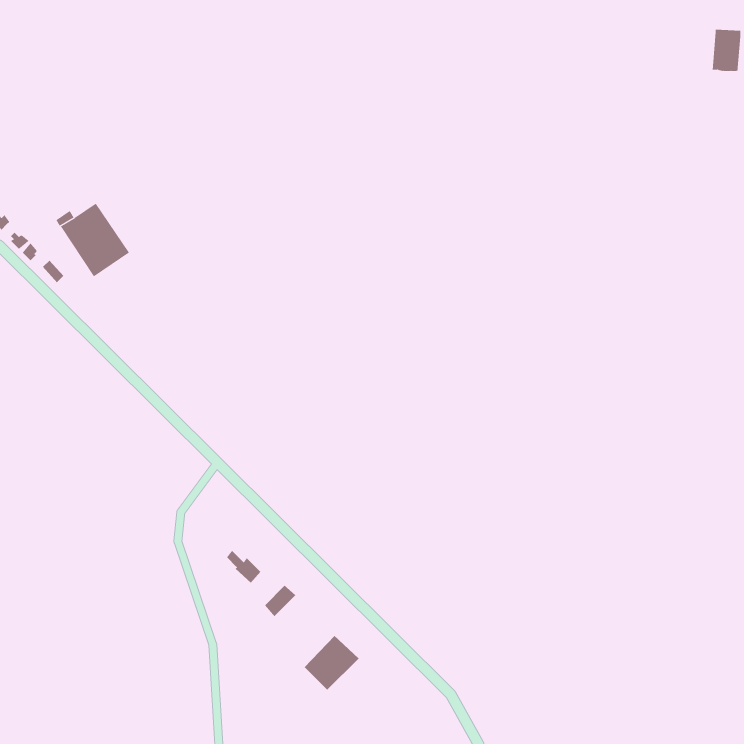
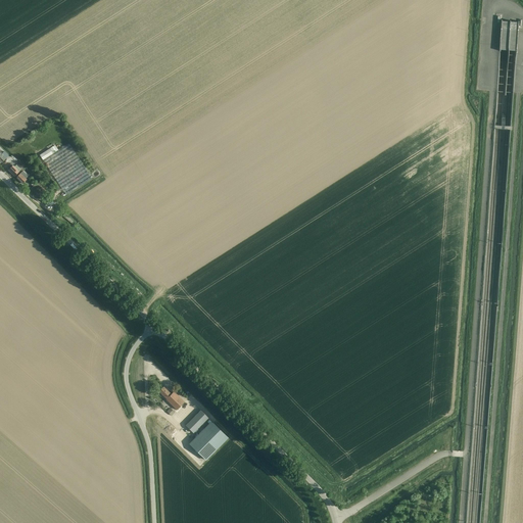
building: [304,635,359,691] -> [188,421,227,460]

